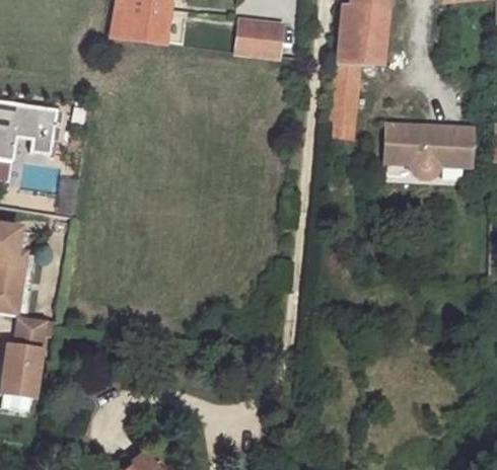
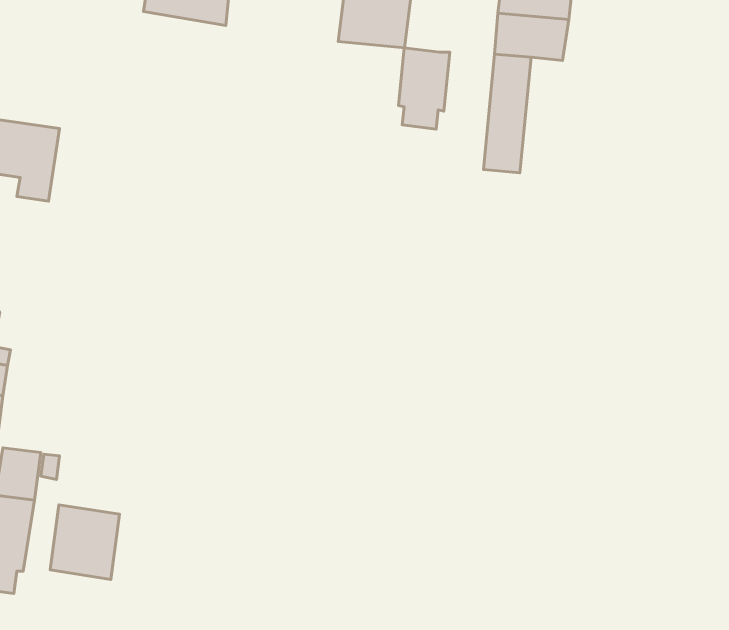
building: none -> [399,48,450,129]
building: [385,123,474,180] -> none
building: none -> [50,505,120,579]

